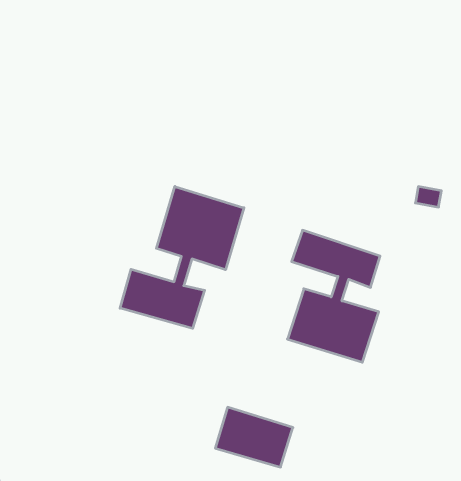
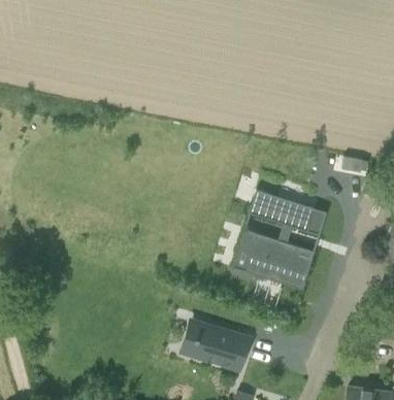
building: [120,186,244,328] -> none

